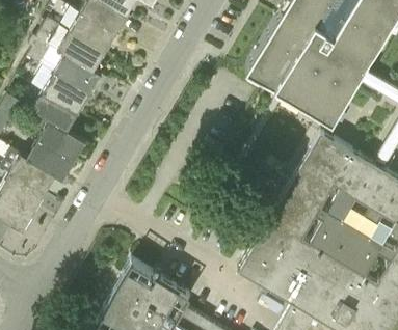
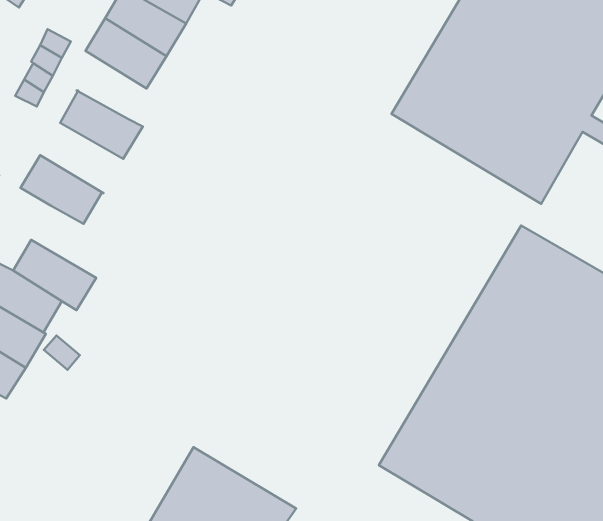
building: [57,30,104,70] -> none
building: [43,72,90,112] -> none
building: [37,119,86,161] -> none

